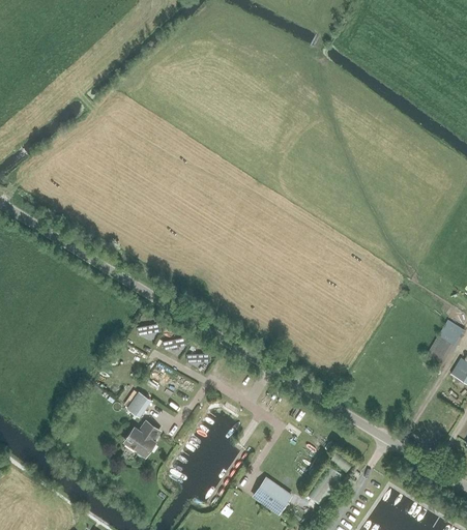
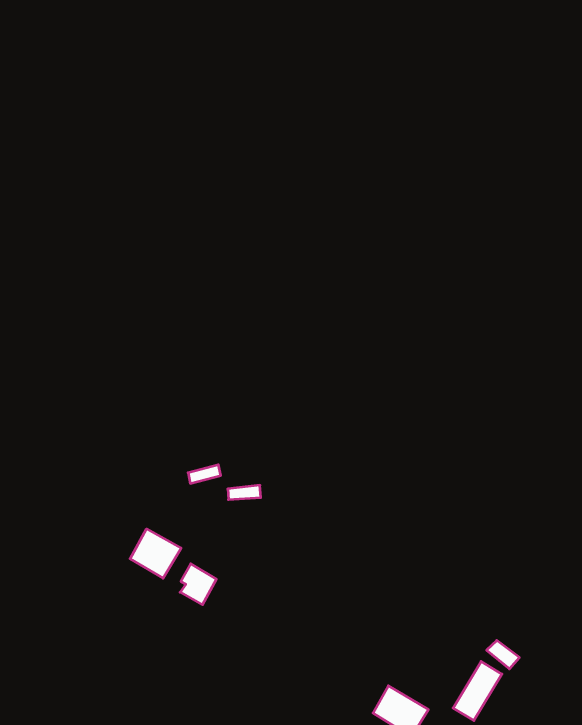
building: none -> [130,529,181,578]
building: [125,423,159,455] -> none

